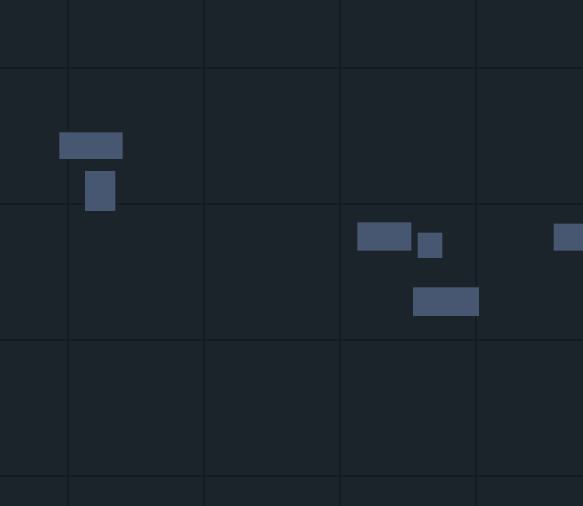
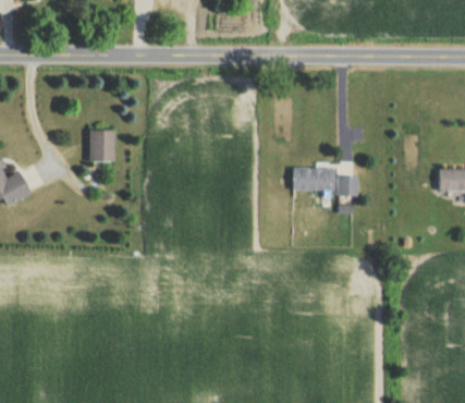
building: [59,131,123,160] -> none
building: [413,286,480,317] -> none

